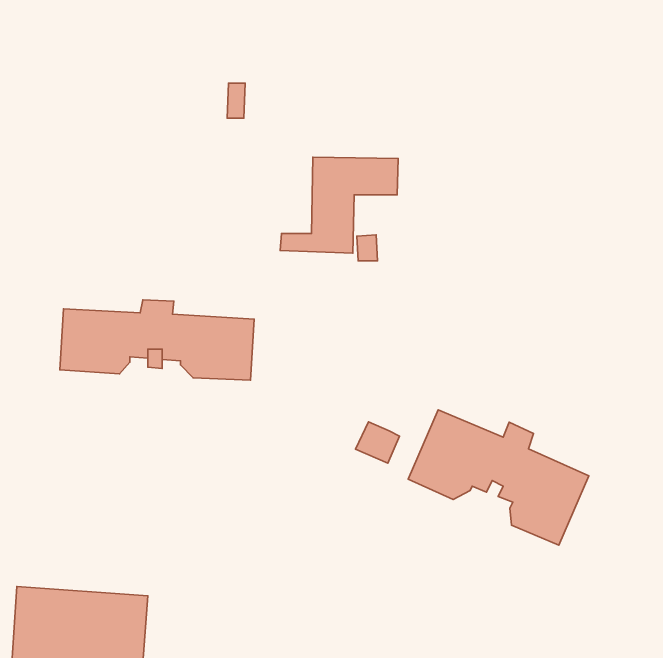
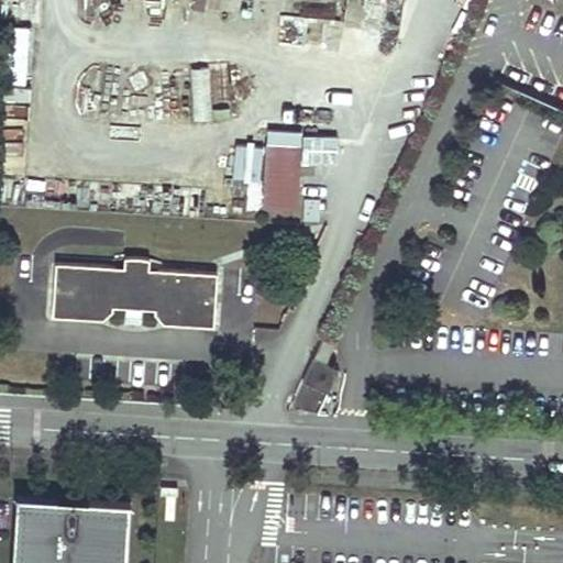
building: [408,410,589,545] -> none

